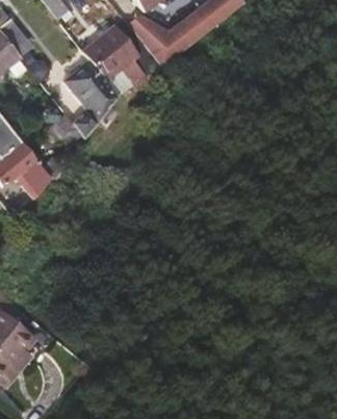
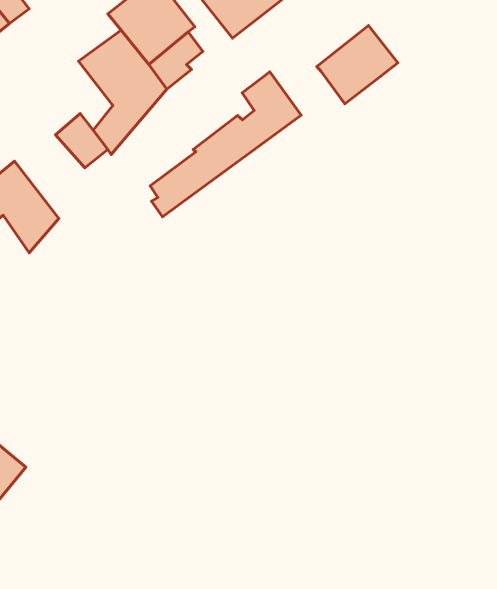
building: none -> [317,25,398,104]
building: none -> [150,72,301,217]

